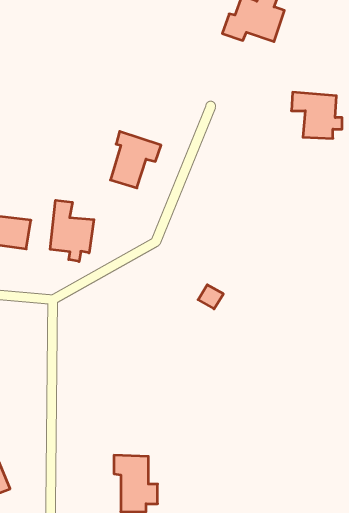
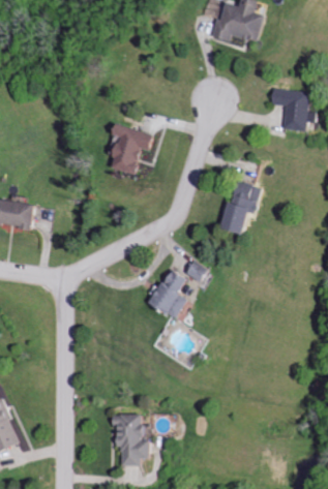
building: none -> [222,180,262,234]
building: [50,200,94,262] -> none
building: none -> [150,268,186,316]

